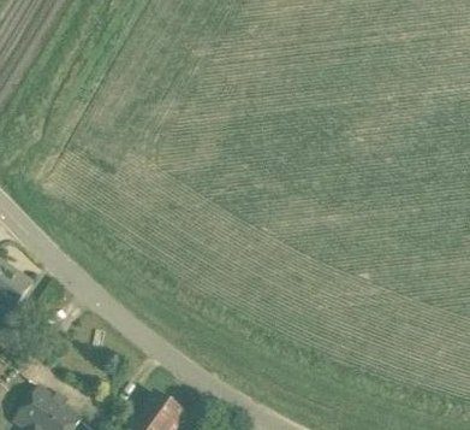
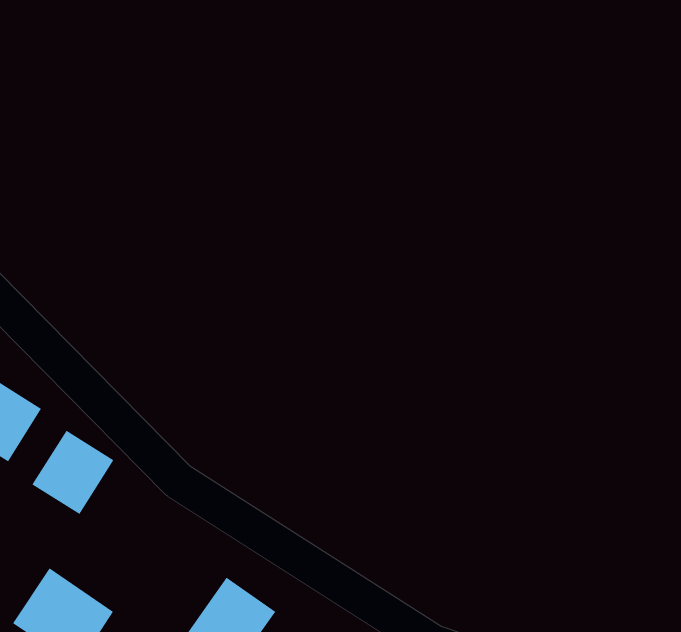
building: none -> [32,430,114,515]

